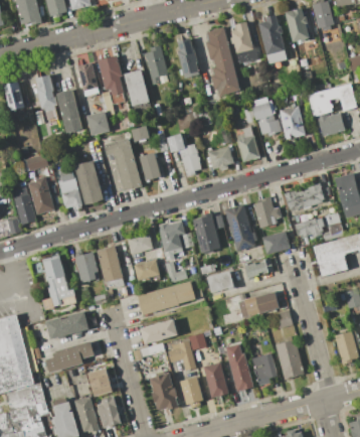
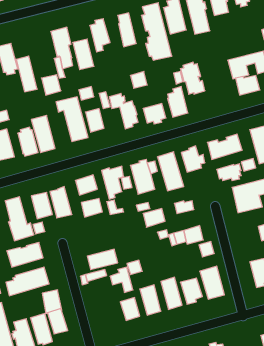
building: [77,62,100,96] -> none
building: [279,106,307,140] -> none
building: [262,231,290,255] -> none
building: [138,281,196,315] -> none
building: [150,373,178,411] -> none

